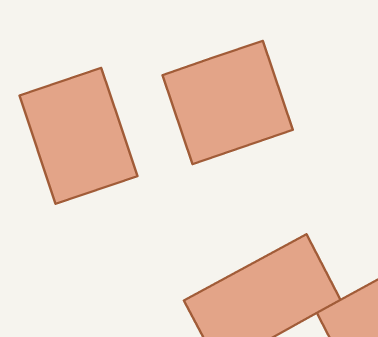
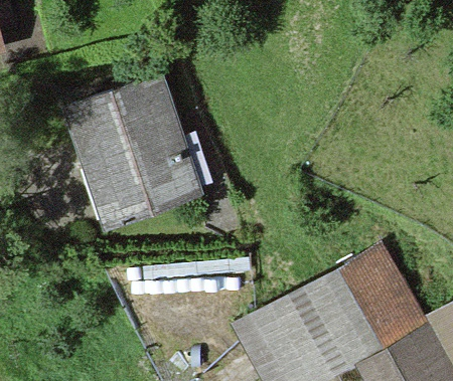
building: [162,41,293,164] -> none

